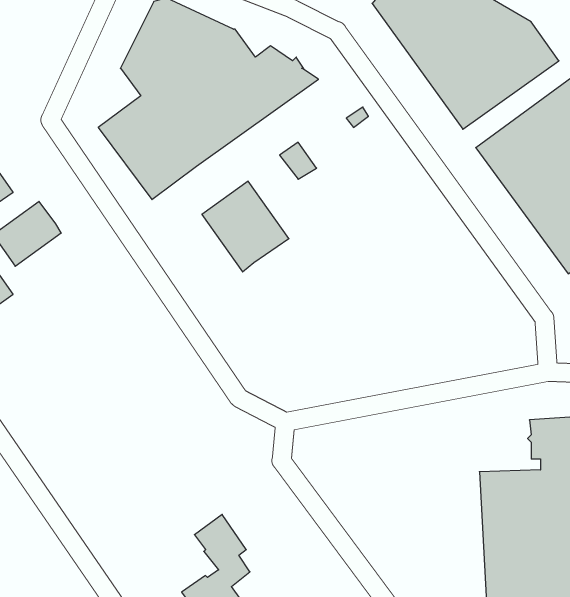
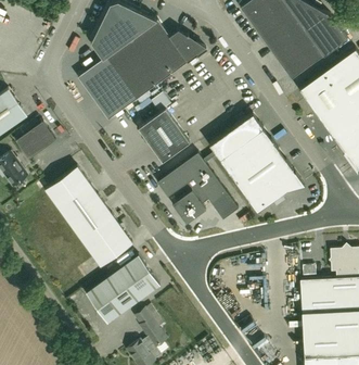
building: none -> [209,114,303,212]
building: none -> [156,153,239,224]
building: none -> [44,167,131,267]
building: none -> [85,255,158,324]

